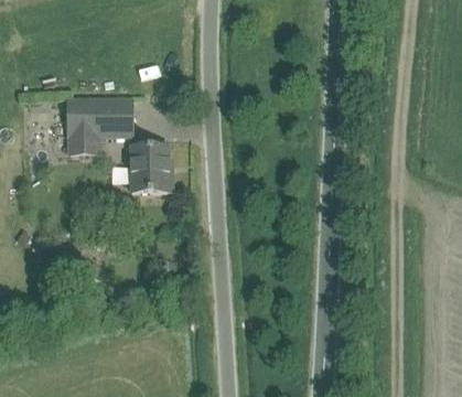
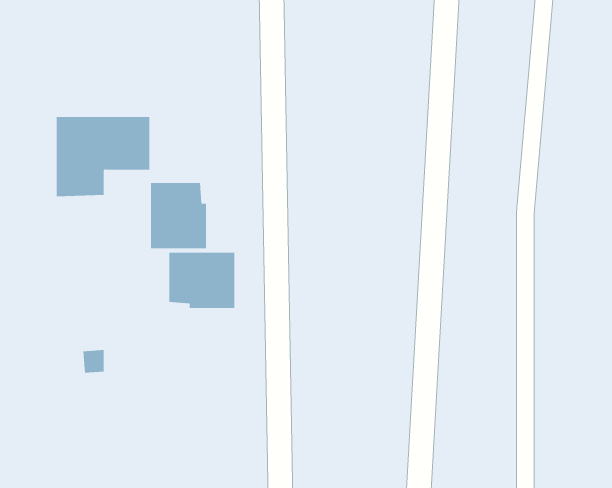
building: none -> [169,252,235,309]

